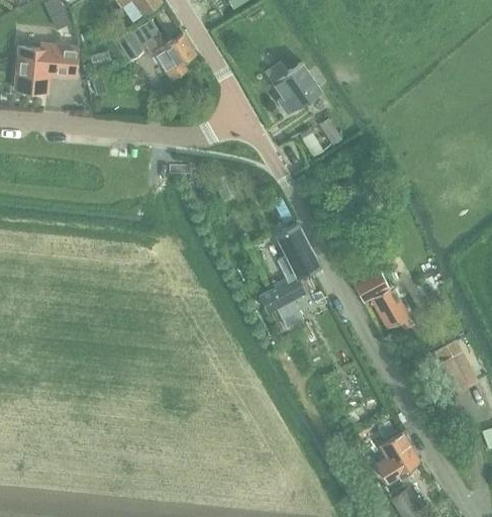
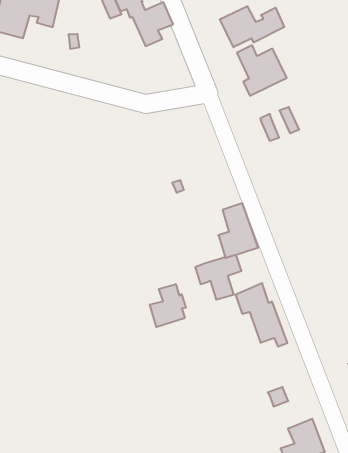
building: none -> [220,6,284,47]
building: [353,268,413,329] -> [235,283,287,346]
building: none -> [150,284,186,327]

